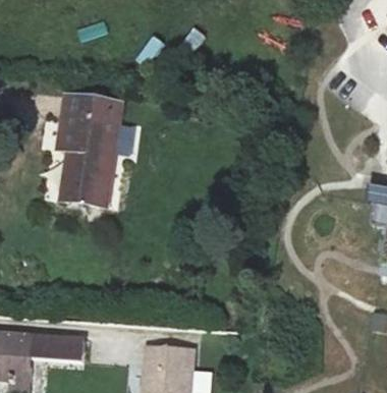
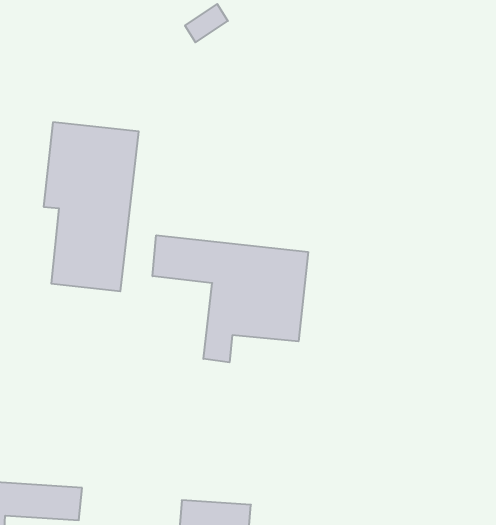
building: none -> [153,235,308,362]

